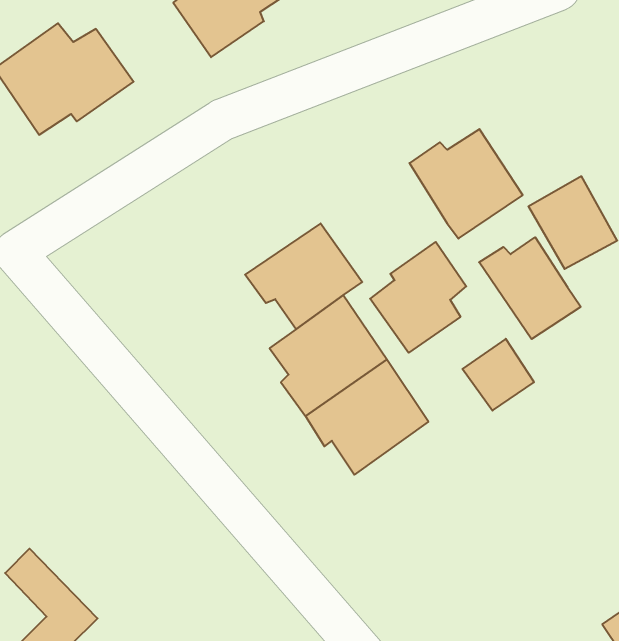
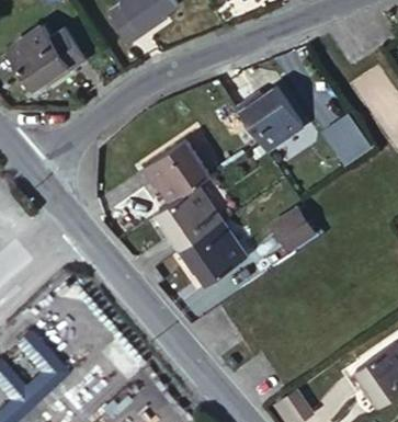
building: [479,237,581,339] -> none
building: [370,242,466,353] -> none

